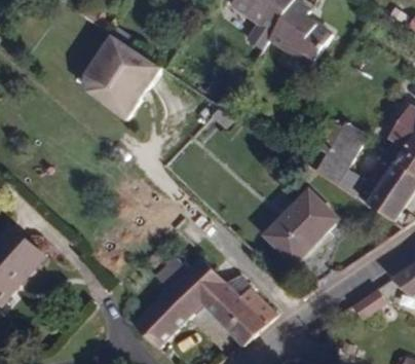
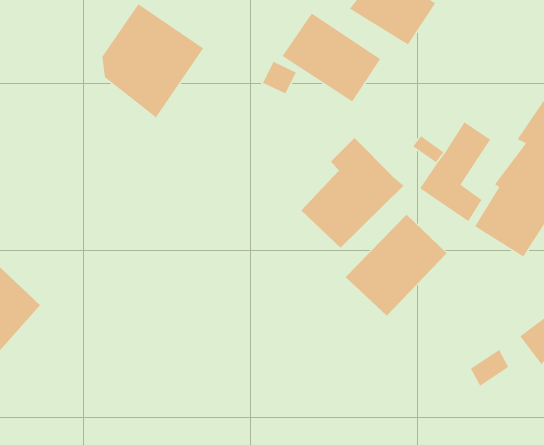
building: none -> [281,12,381,102]
building: none -> [300,137,404,249]
building: [134,256,277,349] -> none

